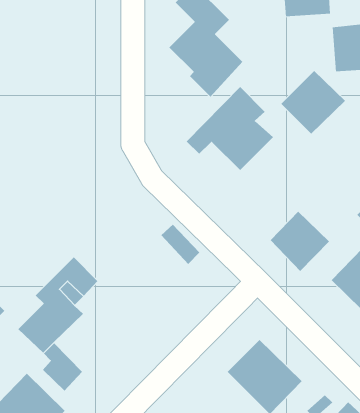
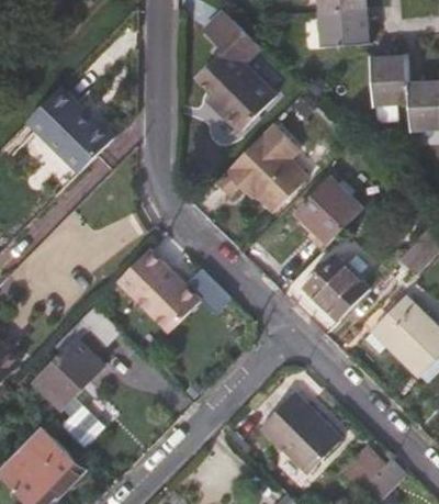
building: none -> [27,87,112,173]
building: [281,70,346,134] -> [293,176,363,245]
building: none -> [115,249,201,334]

